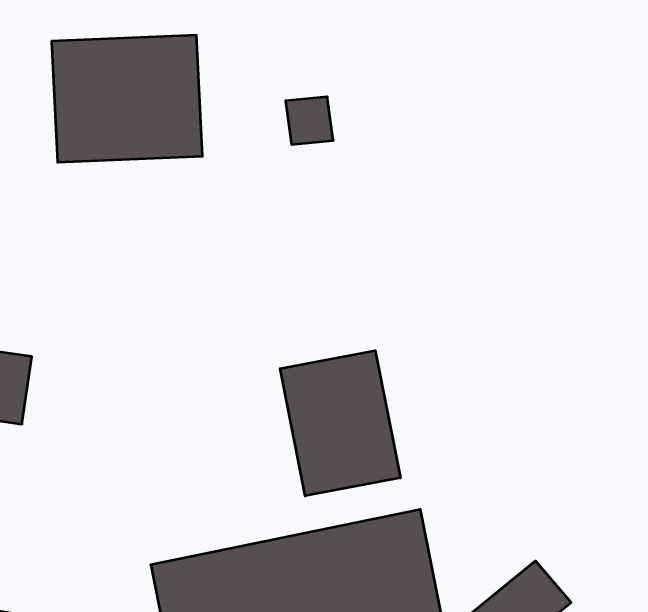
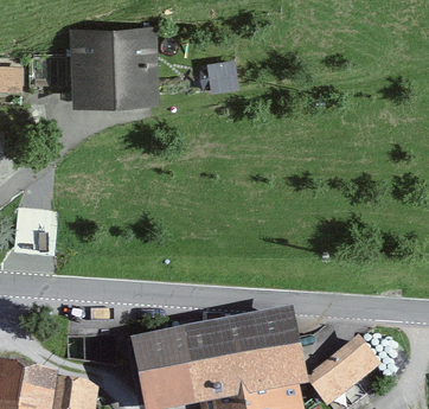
building: [280,351,400,496] -> none

